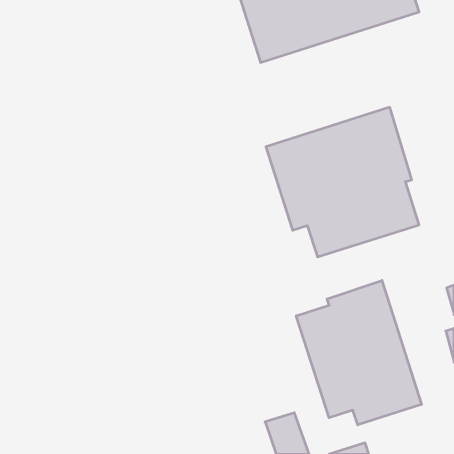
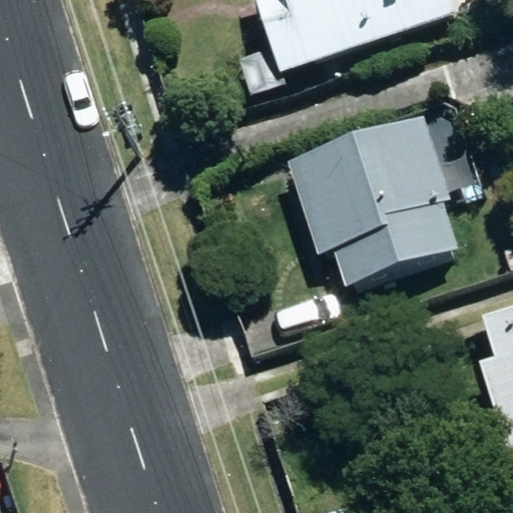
building: [296,280,421,425] -> none

